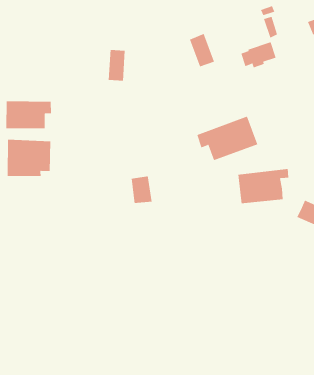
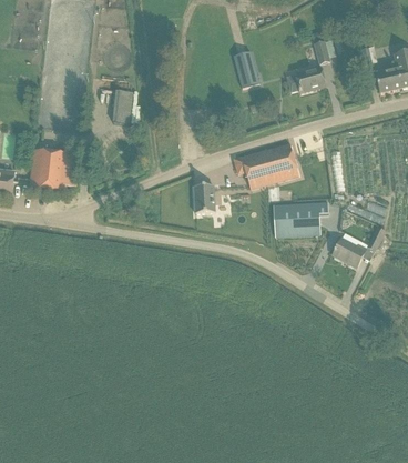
building: [108,50,126,81] -> [113,89,134,123]
building: [6,101,52,129] -> none
building: [131,176,153,203] -> [194,184,215,212]

